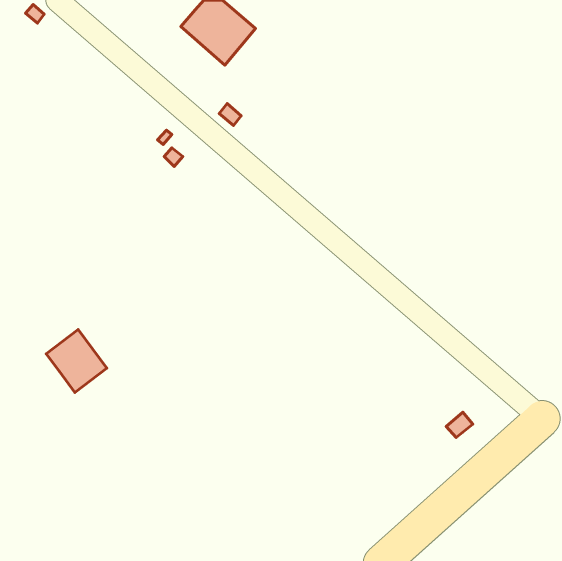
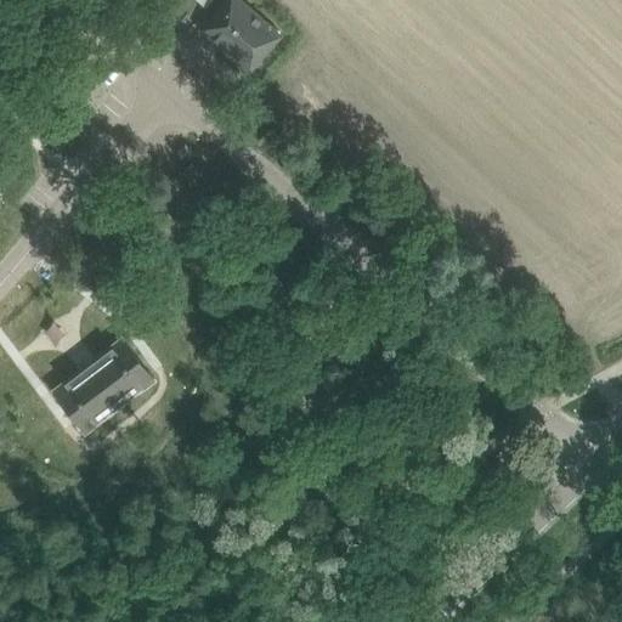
building: none -> [86,339,153,408]

